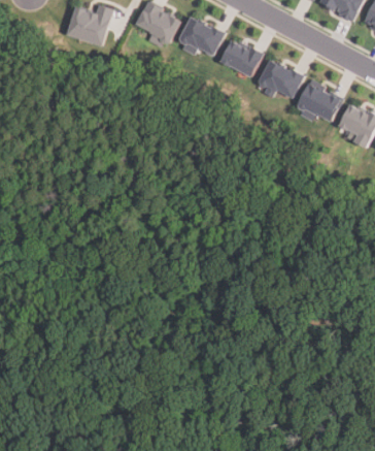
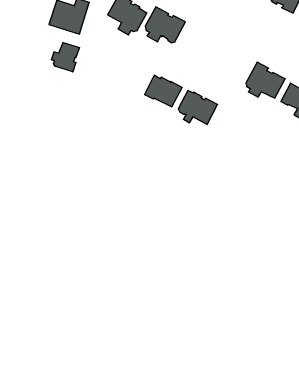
building: [218,39,263,76] -> [145,75,182,107]
building: none -> [52,42,79,72]
building: [258,59,304,99] -> [178,90,218,125]

